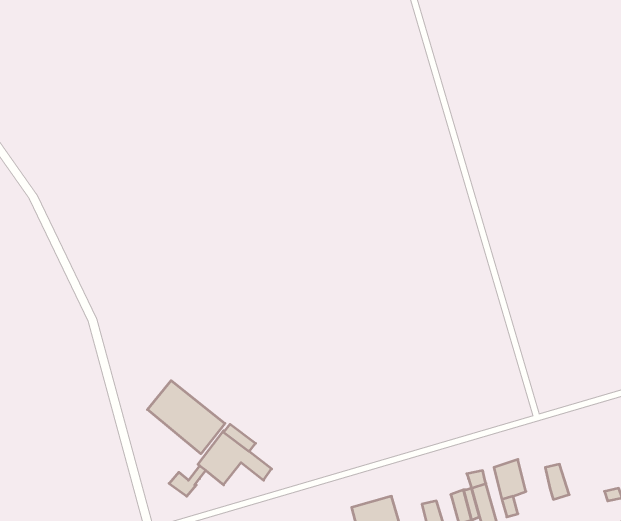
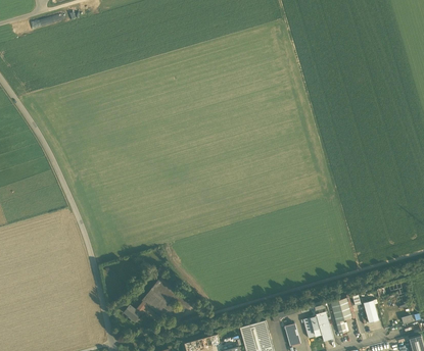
building: [147,381,225,454] -> none

